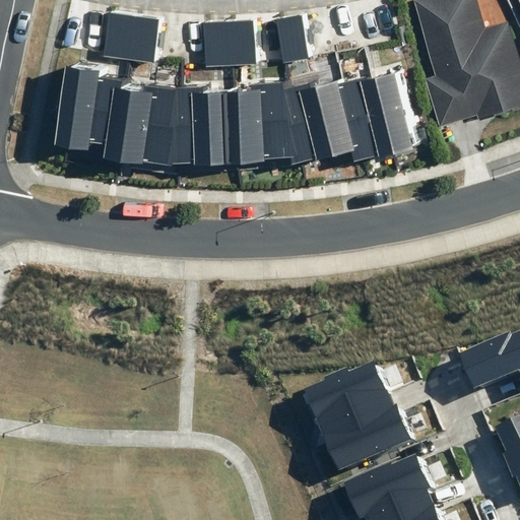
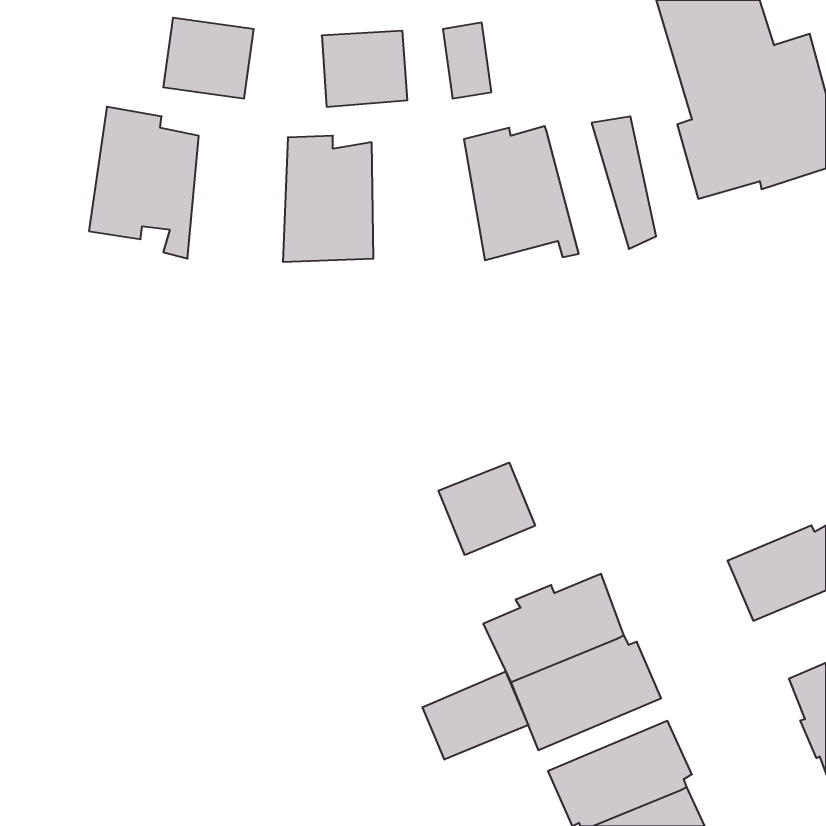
building: [343,77,395,159] -> none
building: [234,81,305,164] -> none
building: [118,84,181,165] -> none
building: none -> [438,463,535,555]
building: none -> [423,671,528,760]

